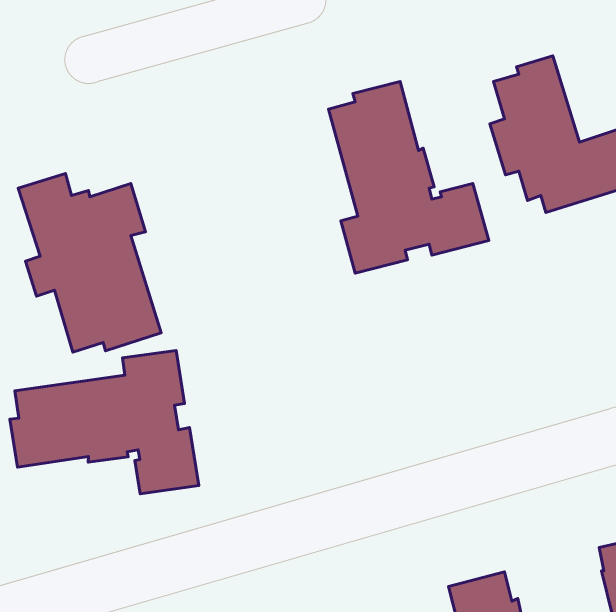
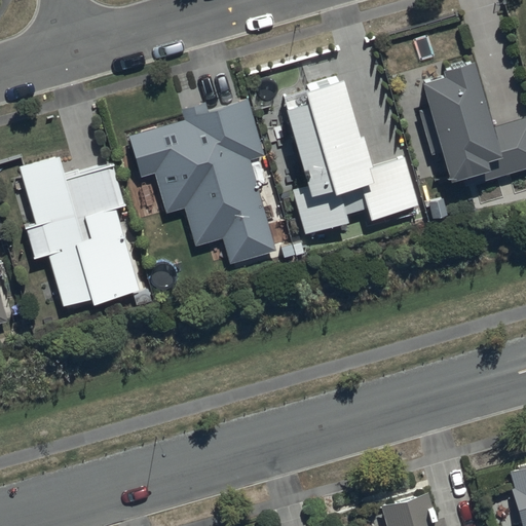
building: none -> [129,100,276,266]
building: [10,350,199,494] -> none

